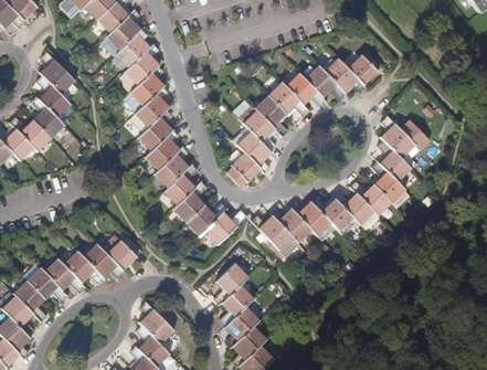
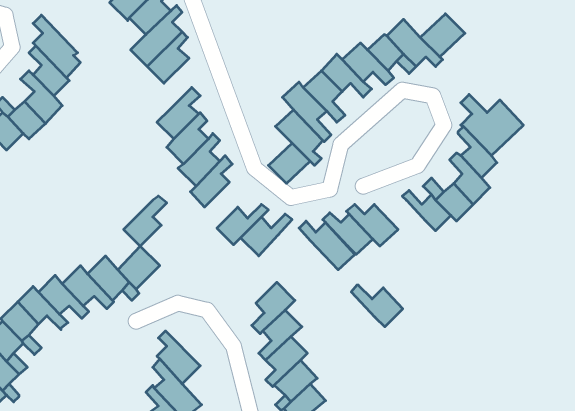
building: [136,86,168,127] -> none
building: [172,181,207,221] -> [124,196,167,246]
building: [310,197,351,230] -> [351,285,403,327]

